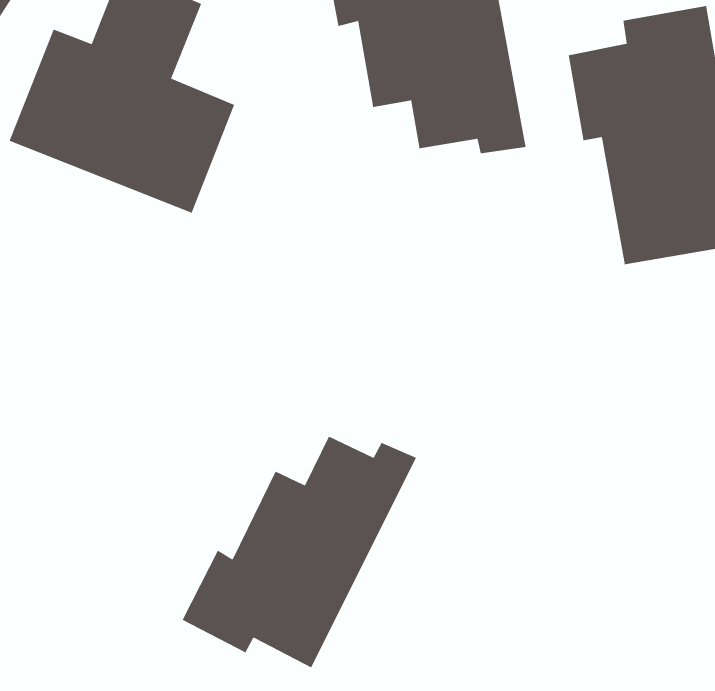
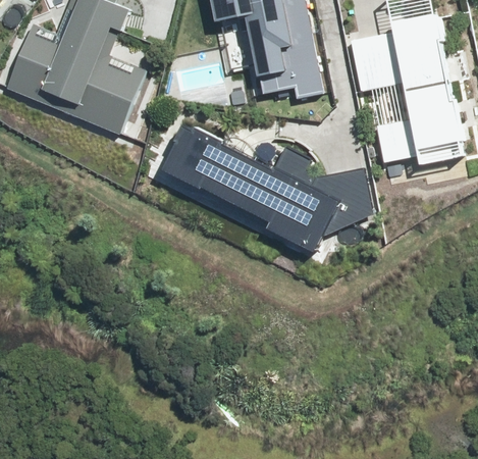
building: none -> [163,124,376,255]
building: [182,435,417,669] -> none

